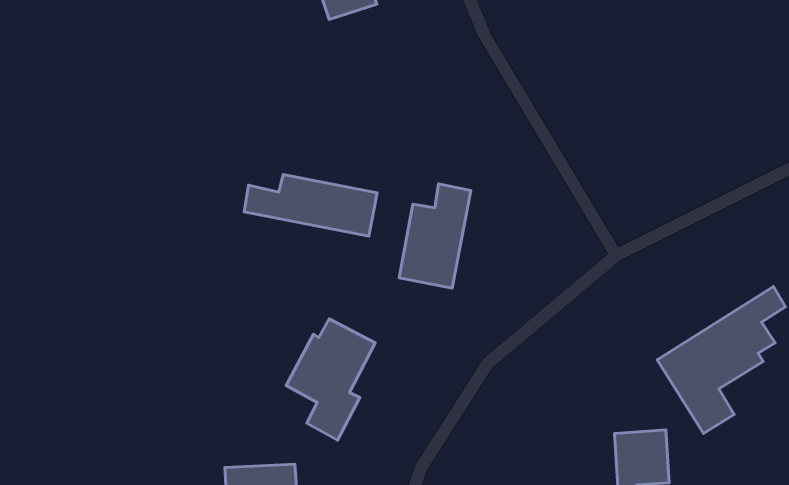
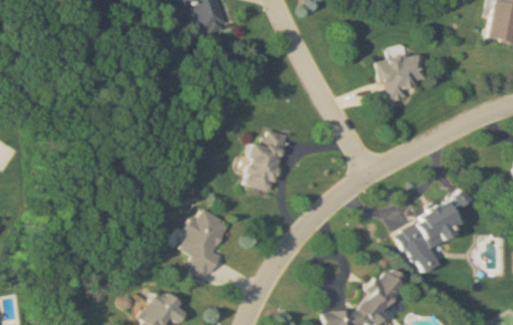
building: none -> [377,52,425,101]
building: [244,174,377,236] -> none

